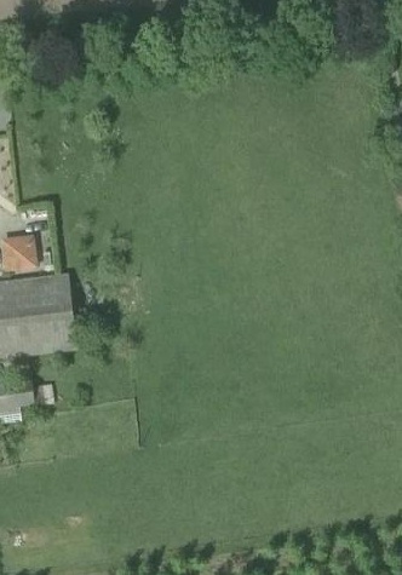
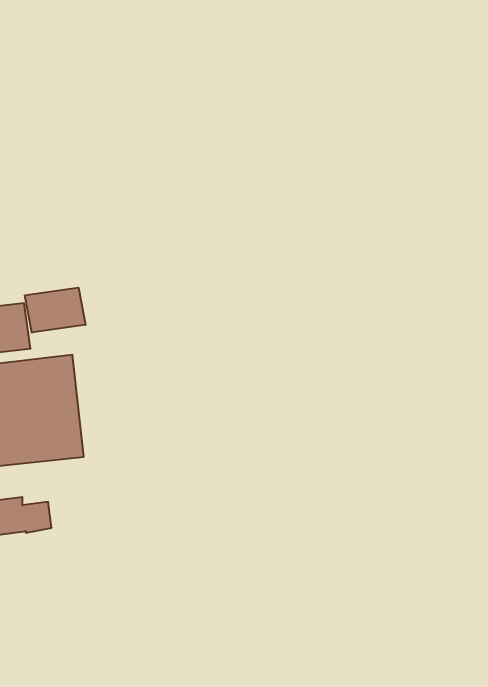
building: none -> [25,288,86,333]

